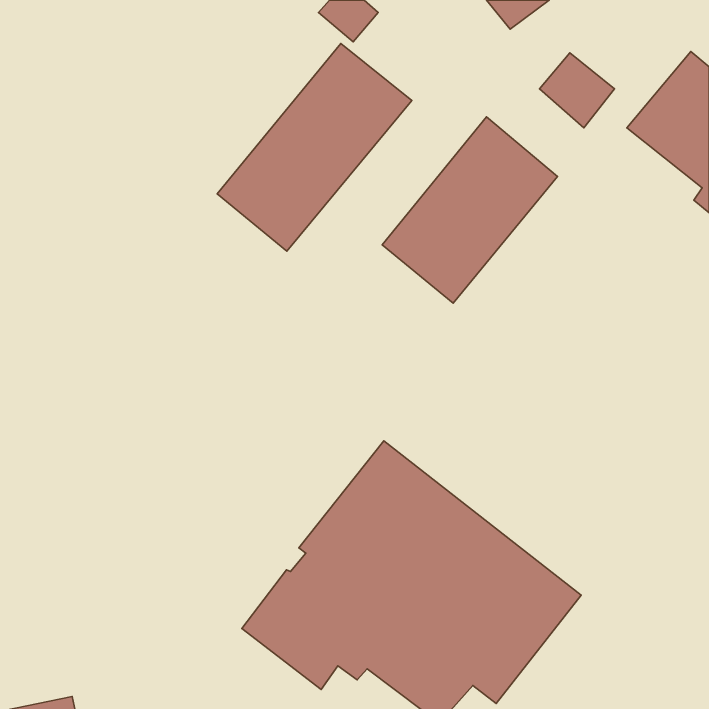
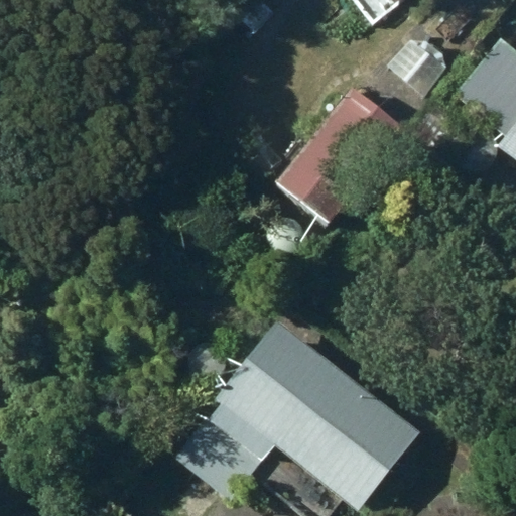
building: [217,44,412,251] -> none

